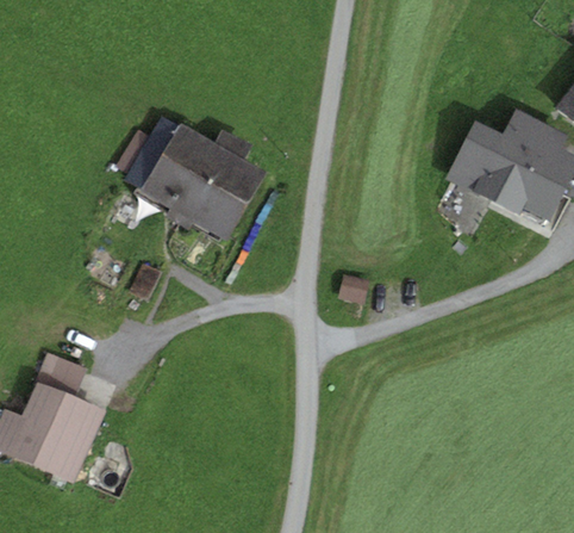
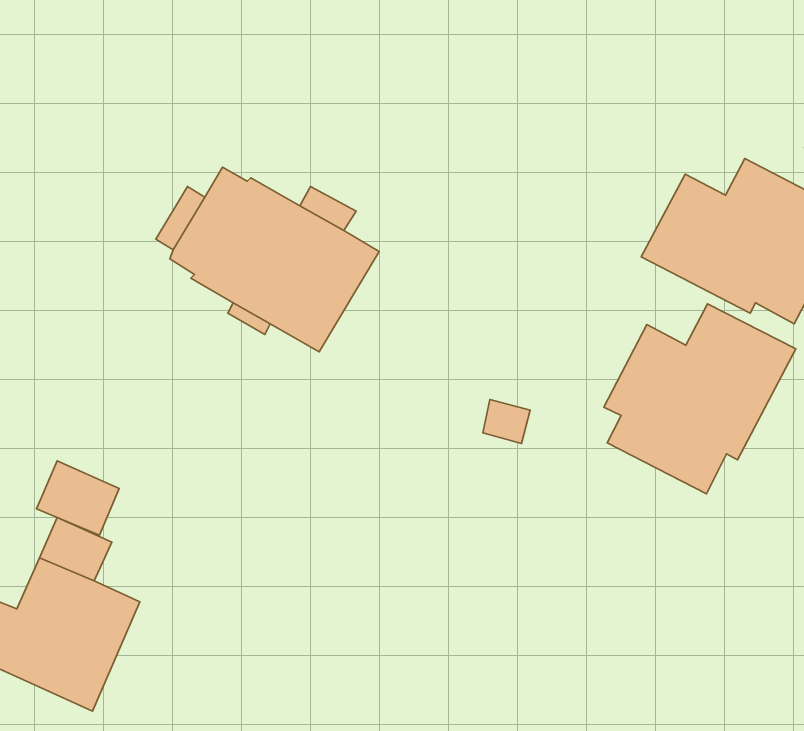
building: none -> [604,304,796,494]
building: none -> [36,461,119,535]

